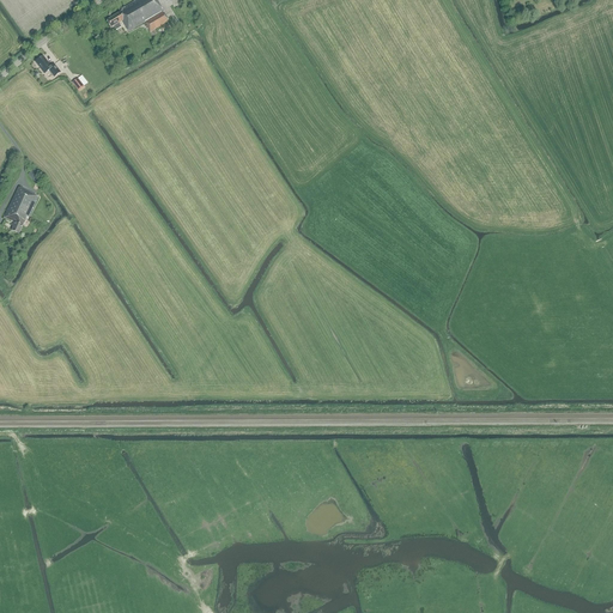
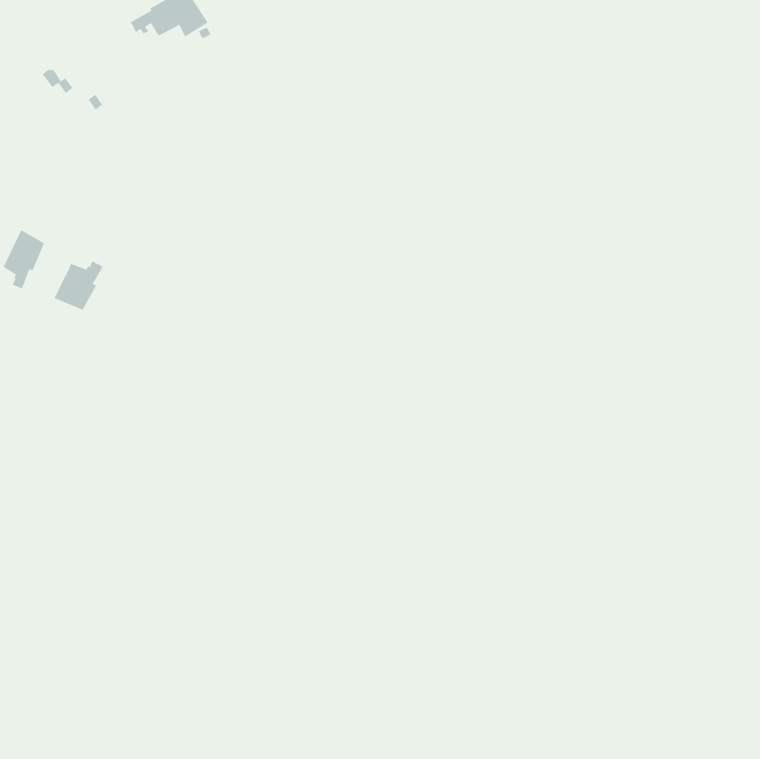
building: none -> [54,261,104,311]

